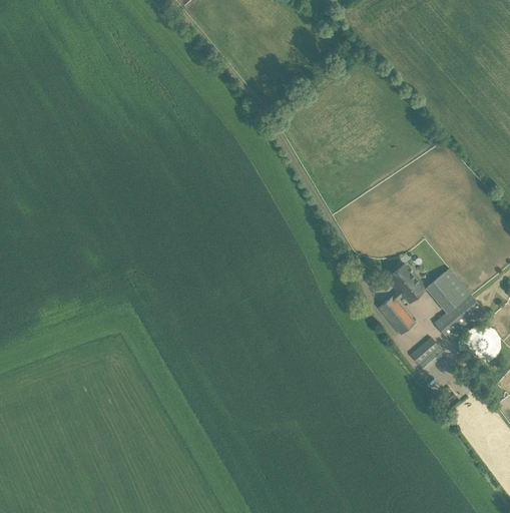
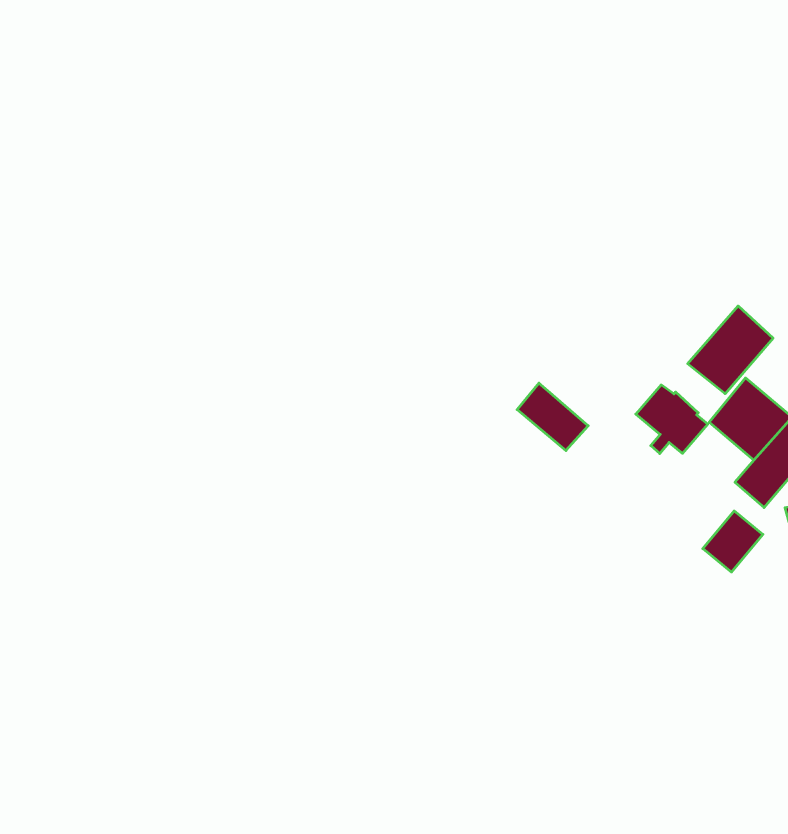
building: none -> [688,306,773,394]
building: [378,295,414,333] -> [517,383,588,451]

